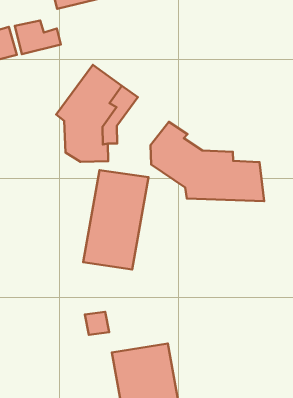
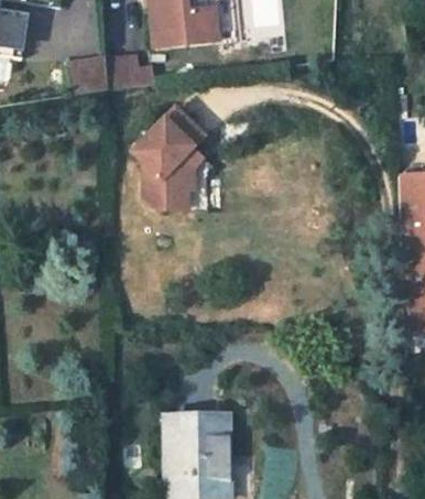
building: [150,122,264,201] -> none
building: [83,170,149,269] -> none

